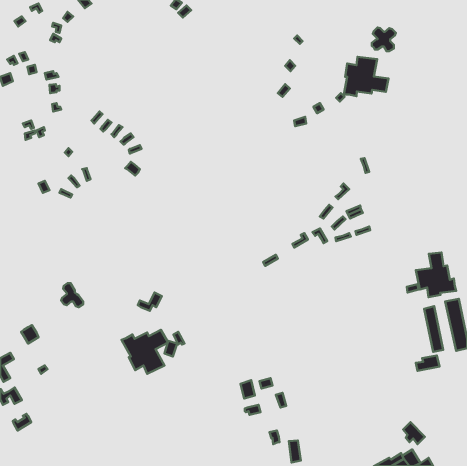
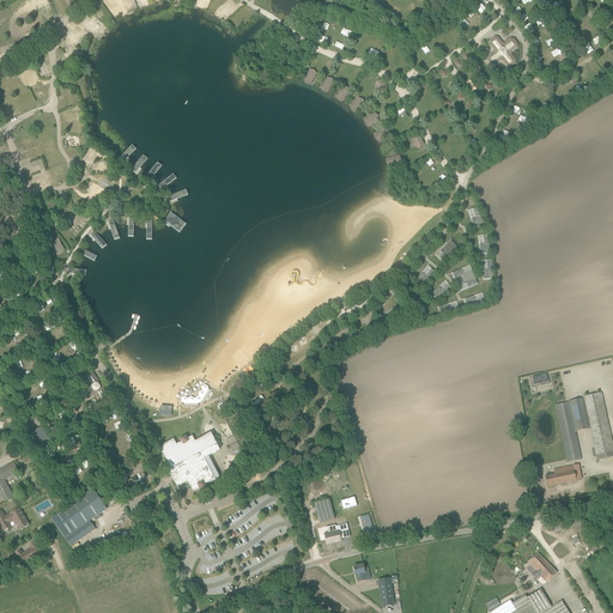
building: [344,57,389,96] -> none
building: [416,252,456,297] -> none
building: none -> [50,488,107,538]

